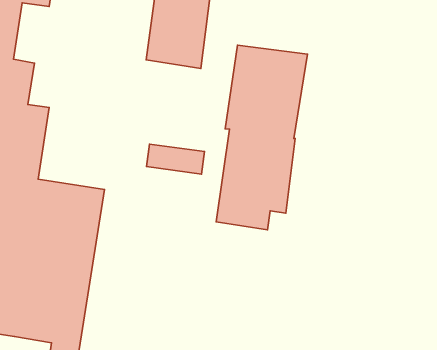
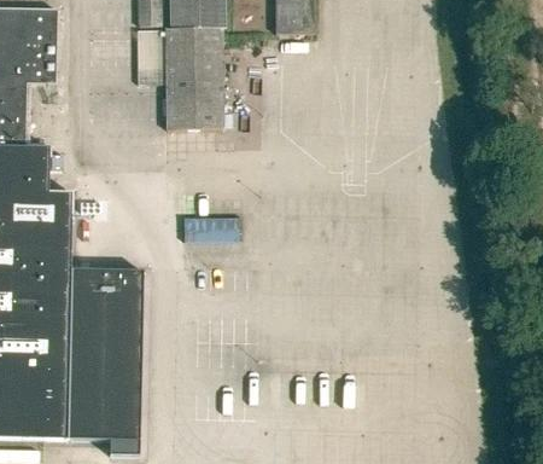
building: [216,45,308,230] -> none

